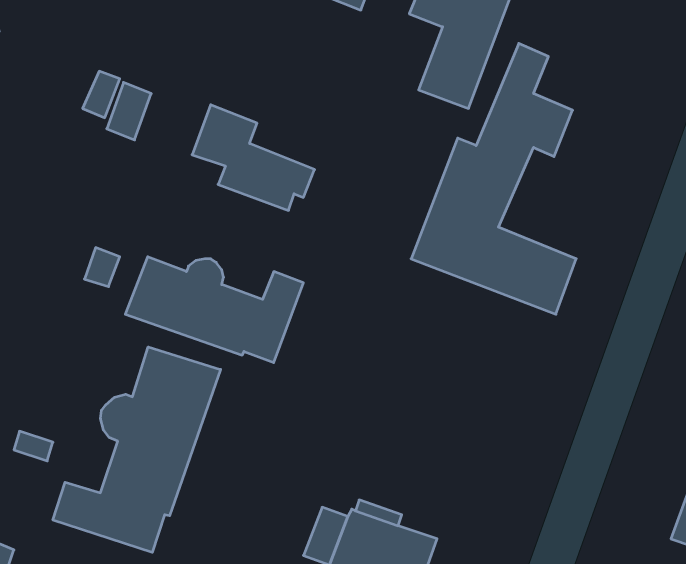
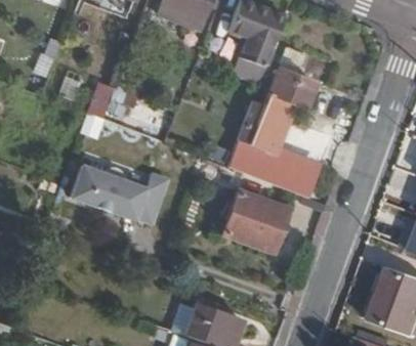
building: none -> [222,188,289,252]
building: [53,347,221,552] -> none

